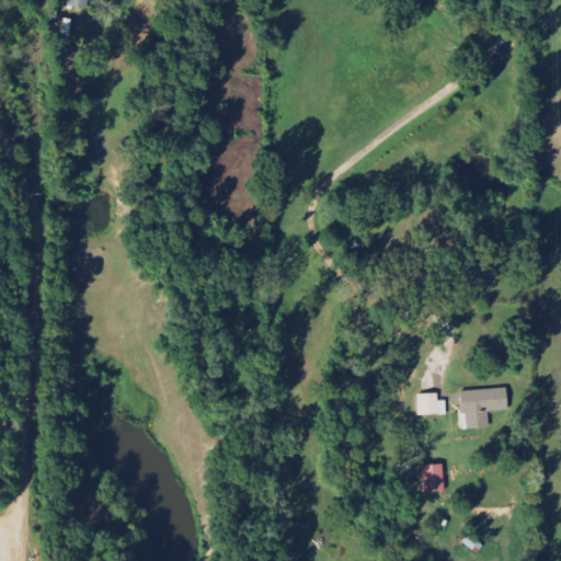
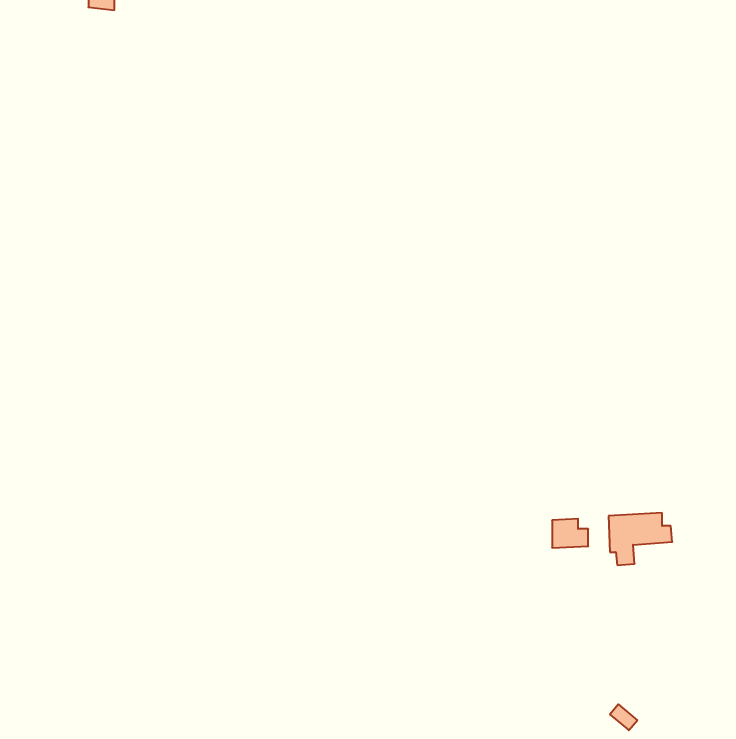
building: [422,463,444,491] -> none

